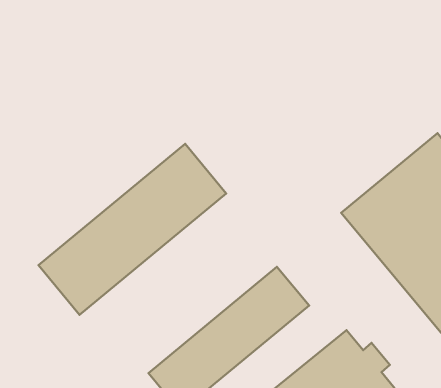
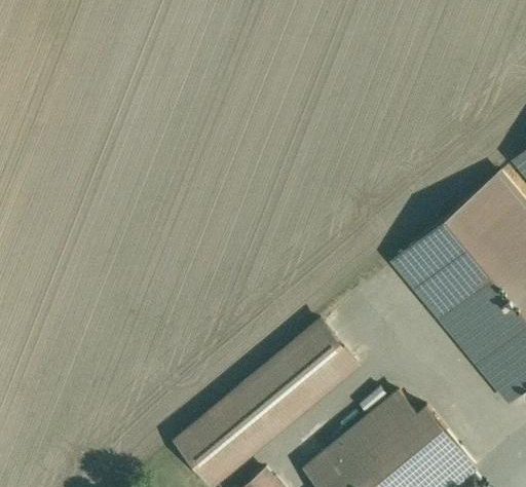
building: [38,144,226,315] -> none

